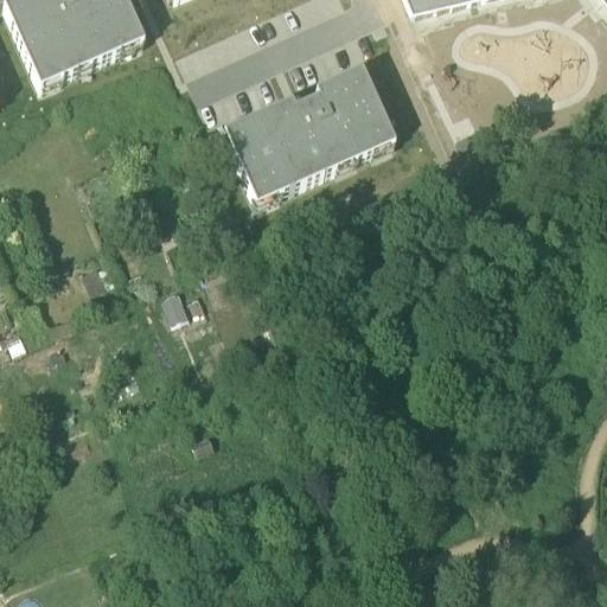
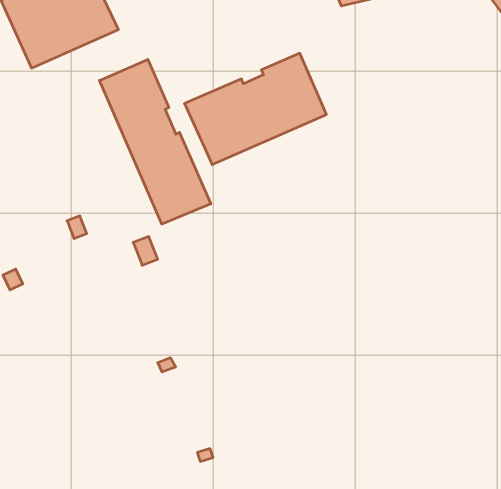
building: none -> [99,59,211,224]

